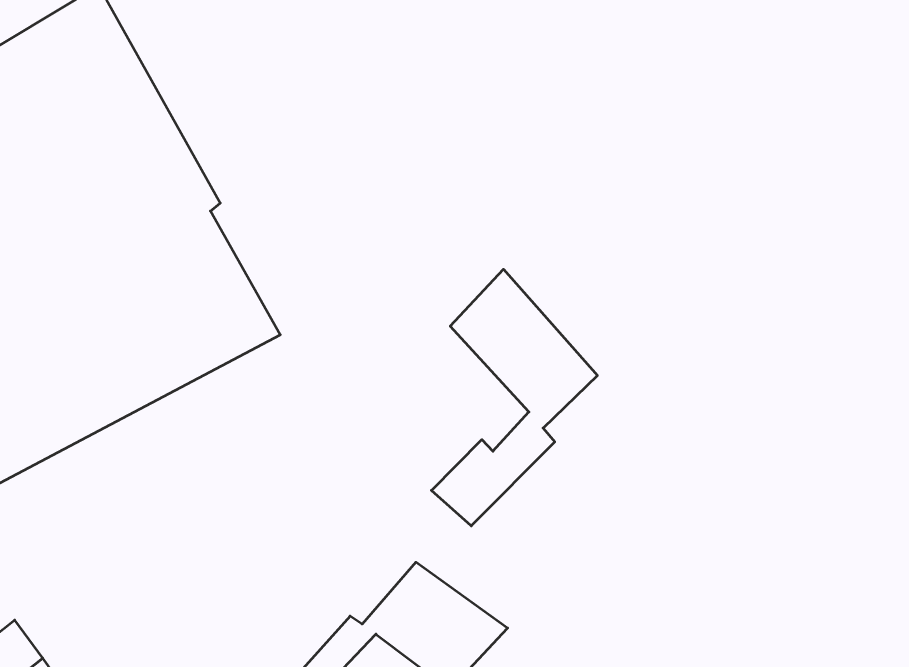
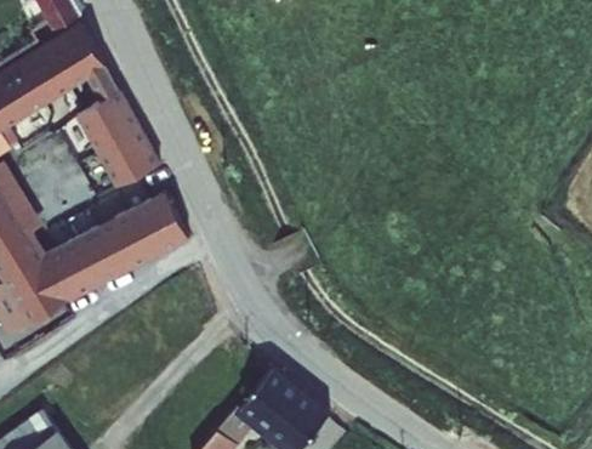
building: [431,269,597,526] -> none

